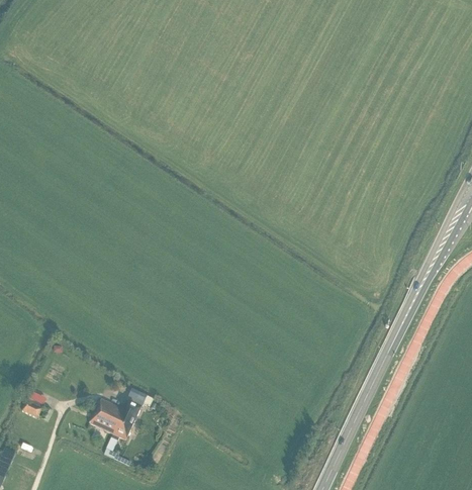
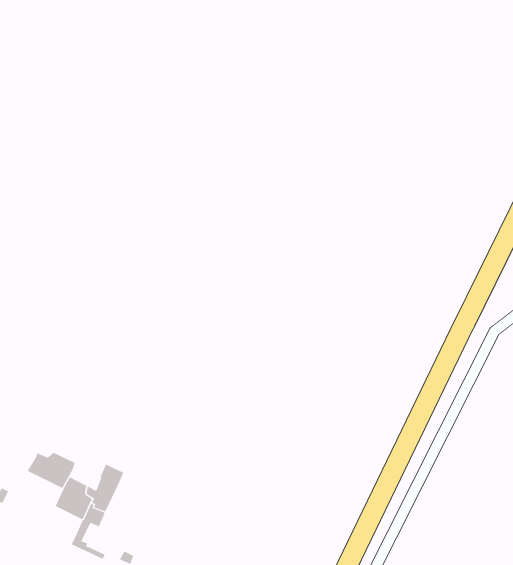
building: none -> [27,451,76,489]

